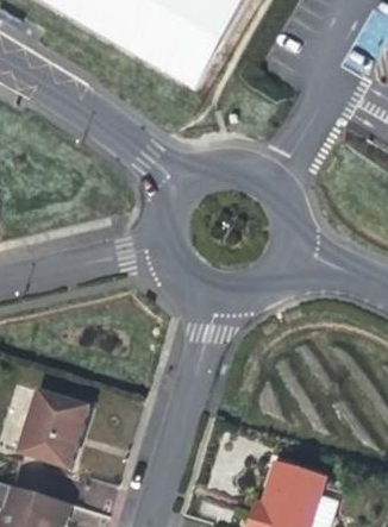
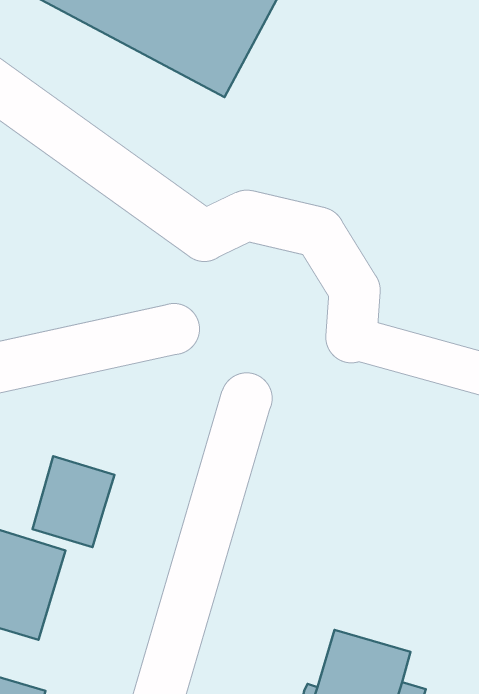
building: none -> [32,456,115,547]

